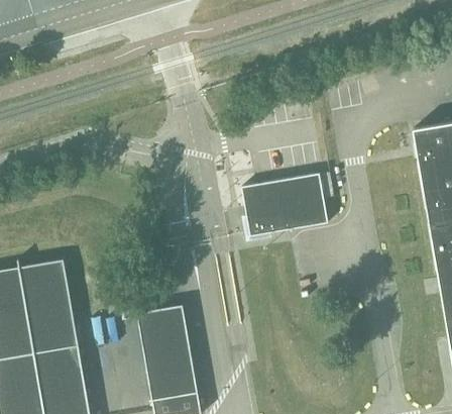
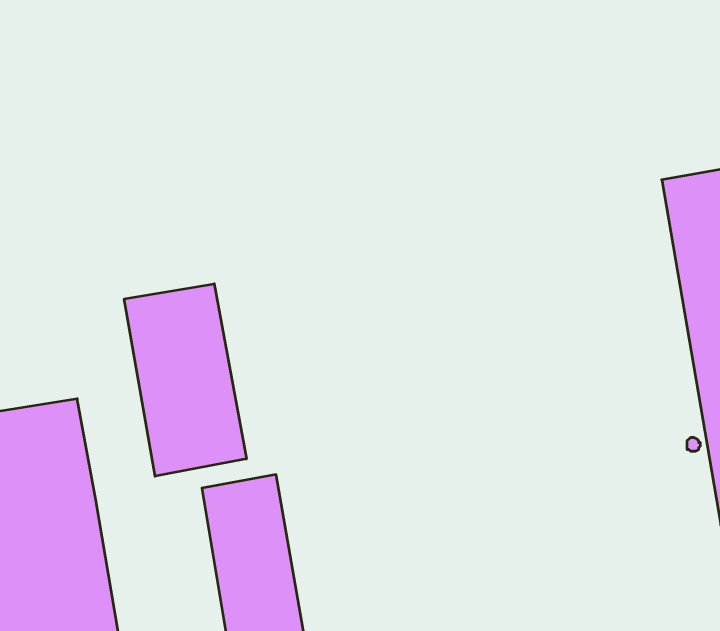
building: [241,174,328,241] -> none
building: none -> [124,284,246,476]

